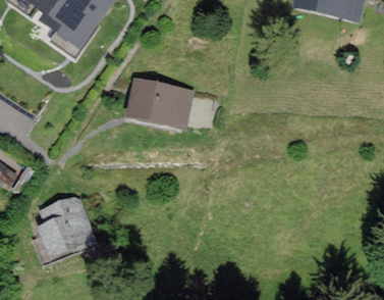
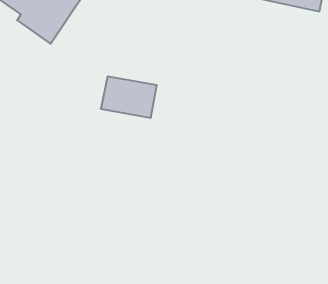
building: [45,195,86,243] -> none

